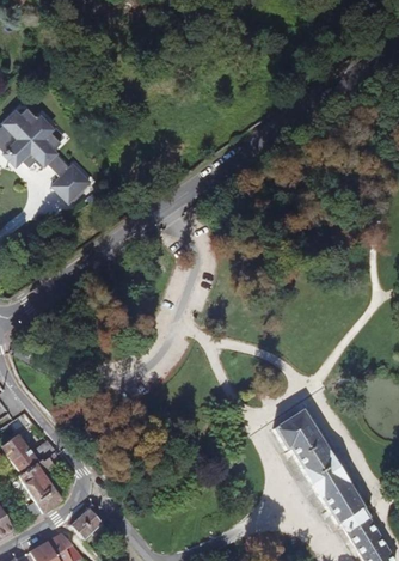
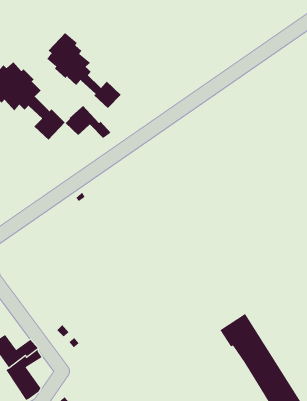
building: none -> [46,32,121,109]
building: none -> [65,105,112,139]

